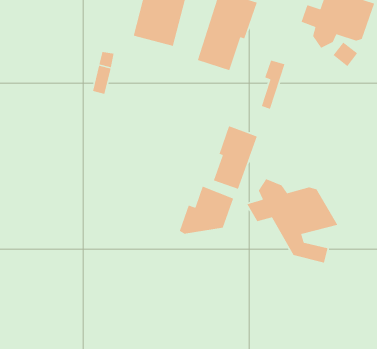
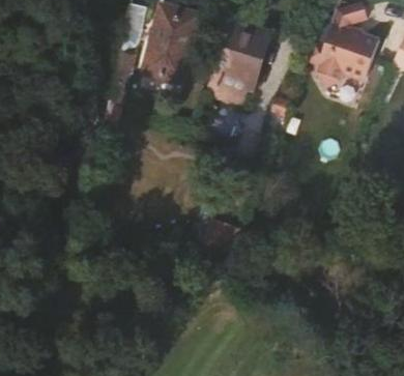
building: [213,125,258,190] -> none
building: [246,178,339,263] -> none

